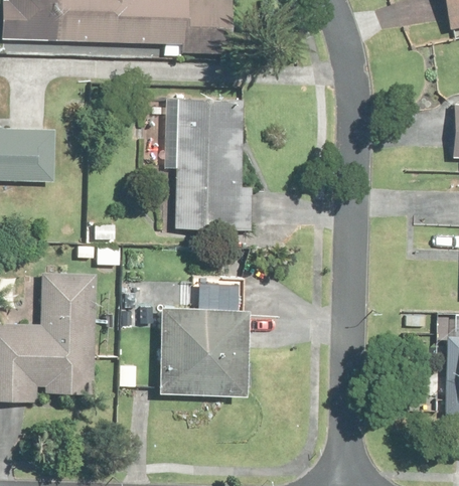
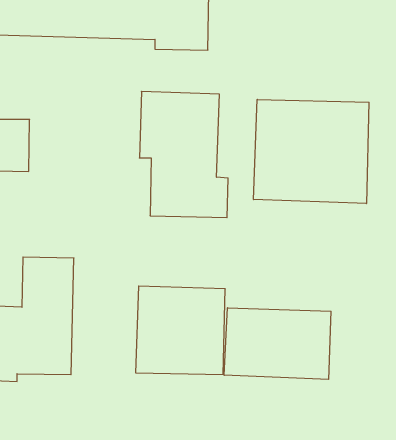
building: none -> [254,99,369,204]
building: none -> [224,308,331,379]

